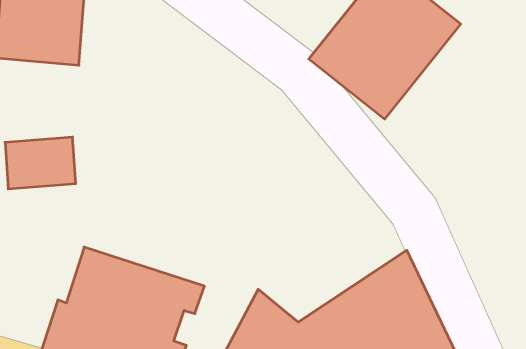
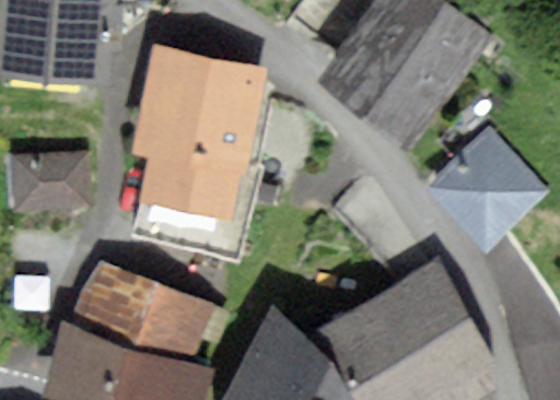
building: none -> [135,48,258,217]
building: none -> [435,134,542,240]

